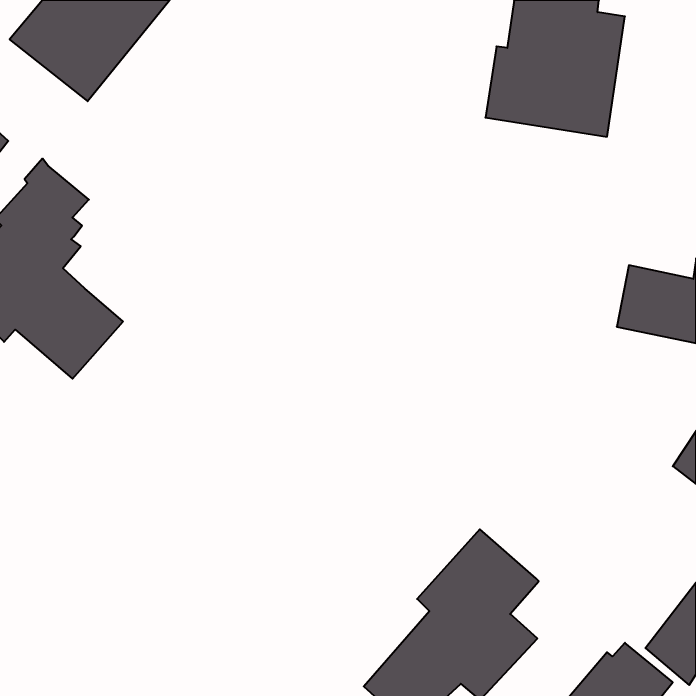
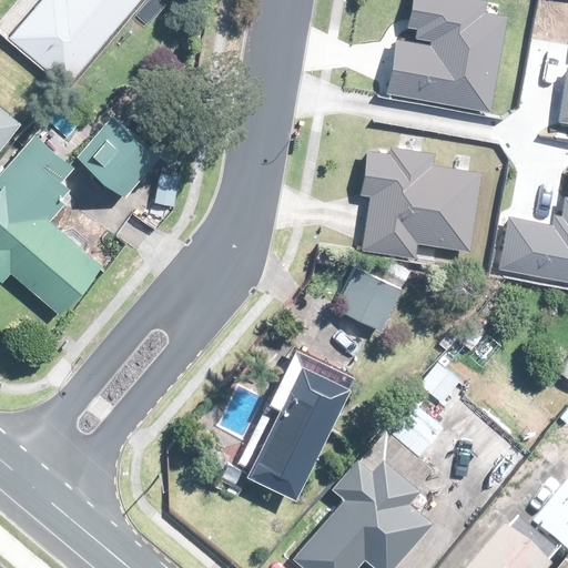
building: none -> [69,114,150,194]
building: none -> [366,152,481,255]
building: none -> [329,265,393,327]
building: none -> [245,348,353,499]

